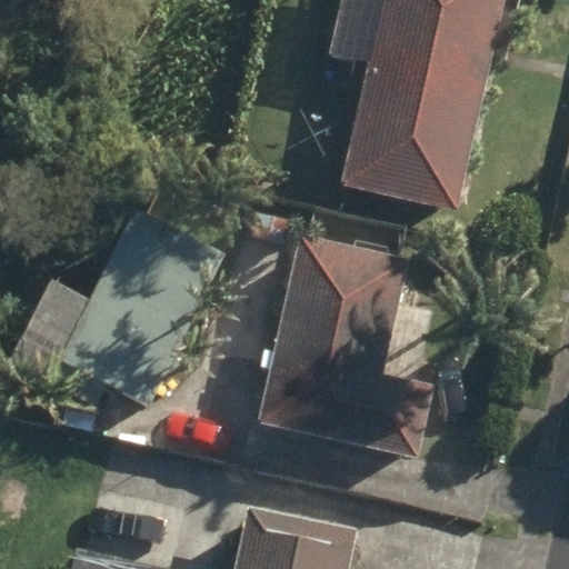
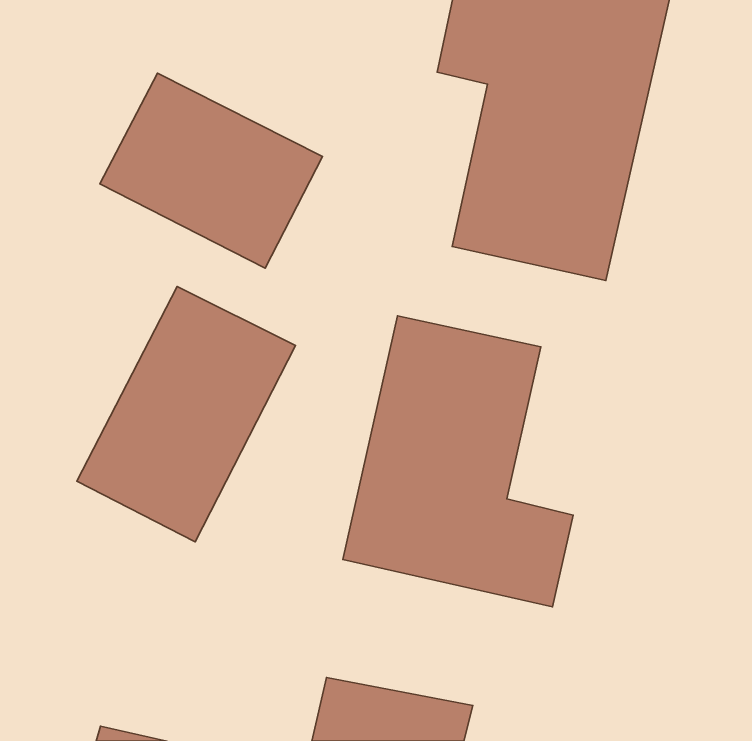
building: none -> [100,73,322,268]

